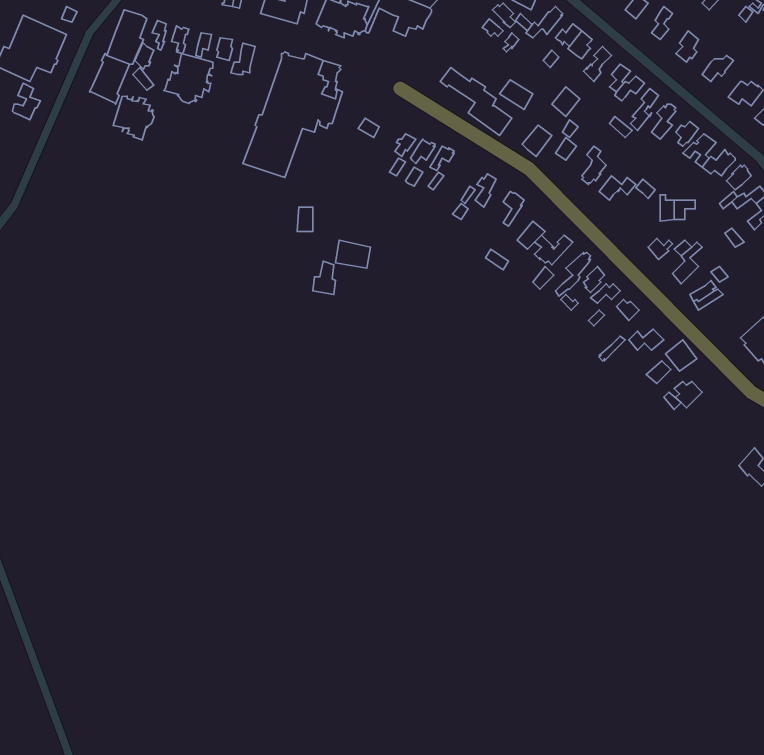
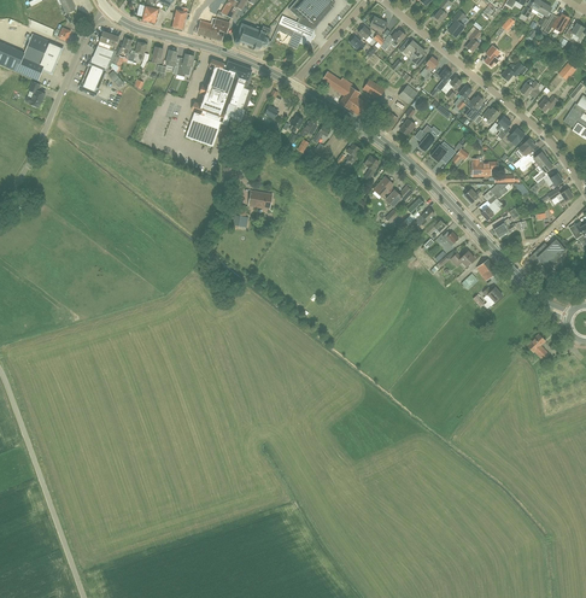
building: [164,54,213,103] -> none
building: [113,96,154,140] -> none

